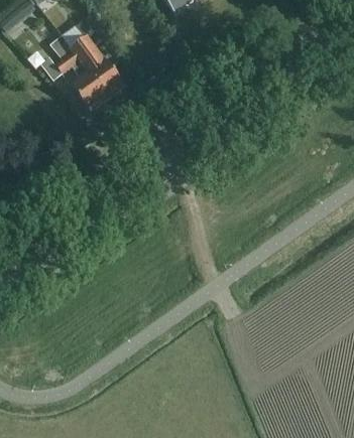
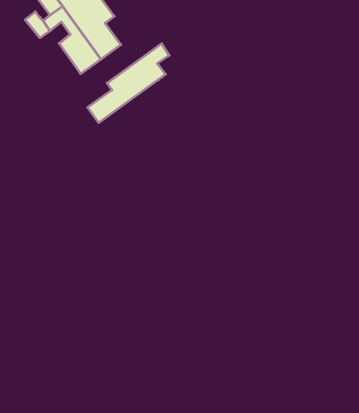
building: none -> [88,44,169,123]

